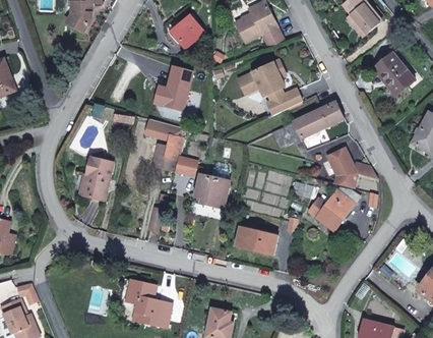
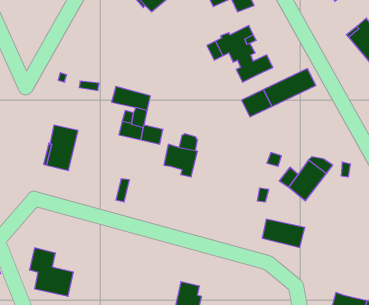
building: [163,66,192,110] -> none
building: [326,148,377,187] -> none
building: [236,227,277,255] -> [262,219,305,248]
building: [128,280,171,327] -> [29,248,73,296]

